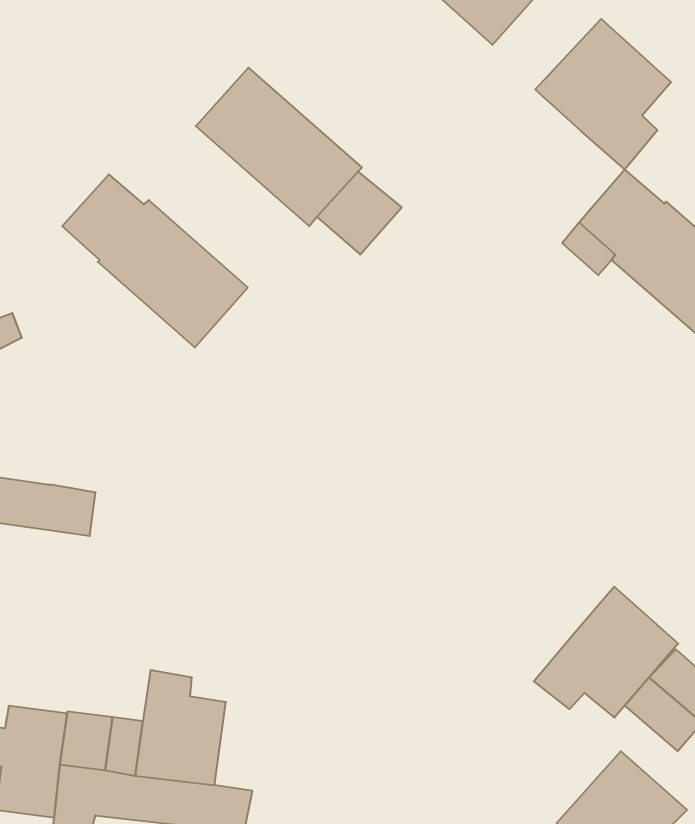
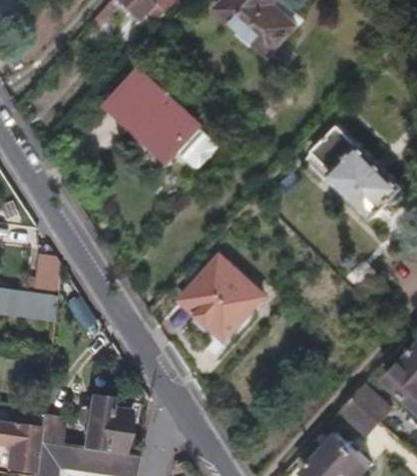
building: [535,19,671,170] -> none
building: [62,174,248,348] -> none
building: none -> [33,256,60,298]
building: none -> [179,258,261,339]
building: [534,587,678,718] -> none

